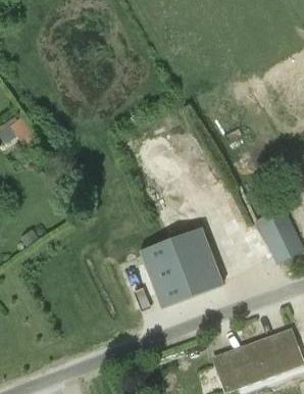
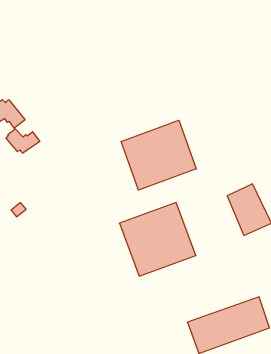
building: none -> [121,120,196,190]
building: none -> [6,129,40,153]

